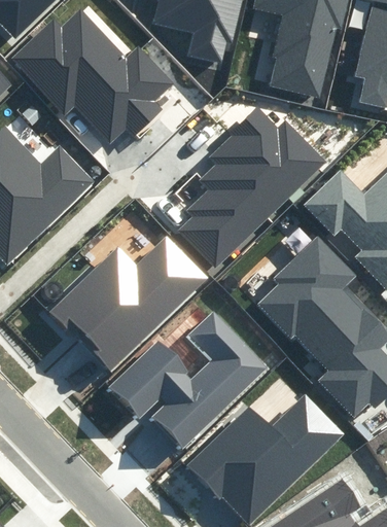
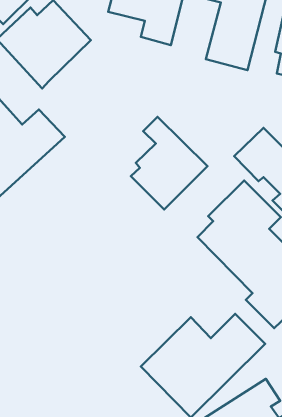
building: [75,46,173,144] -> none
building: [209,108,325,215] -> none
building: [51,234,210,372] -> none
building: [114,308,271,450] -> none

